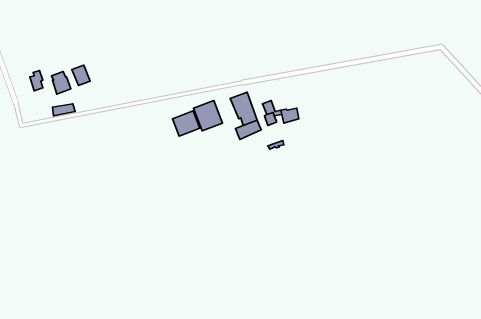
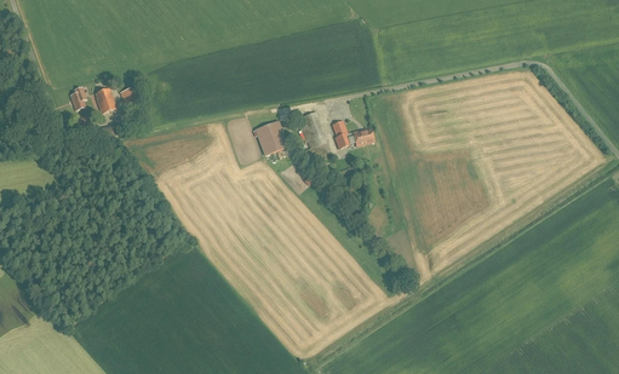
building: [172,111,200,136] -> none

